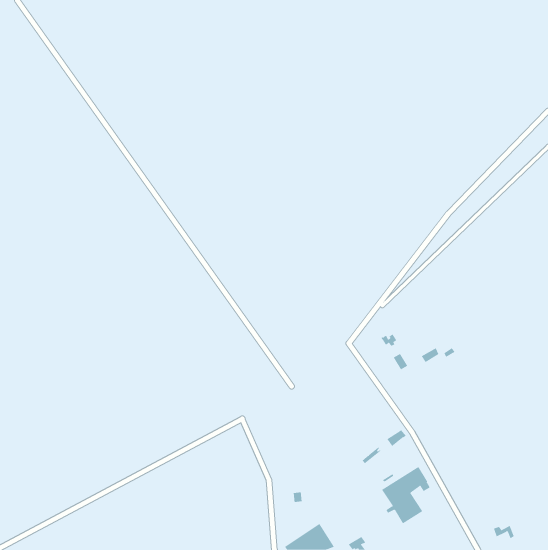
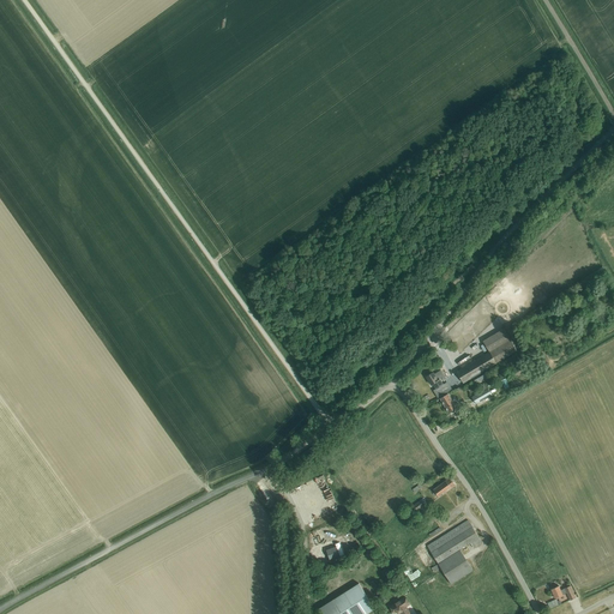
building: none -> [455,329,514,383]

